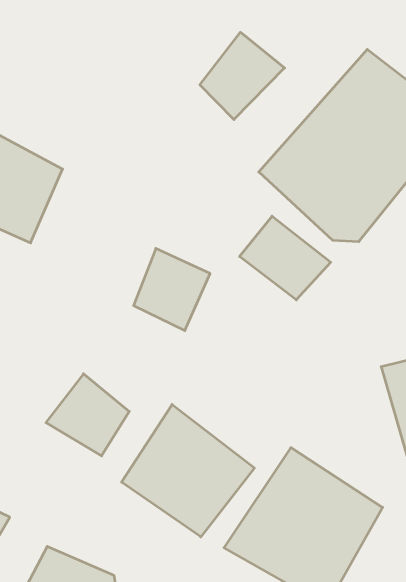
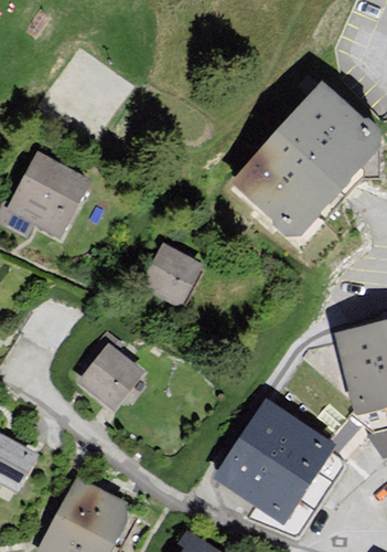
building: [200,32,285,120] -> none
building: [240,216,331,300] -> none
building: [122,404,254,537] -> none

